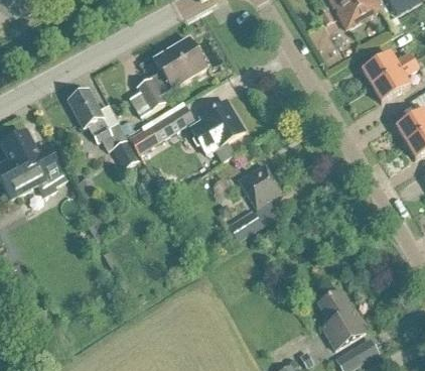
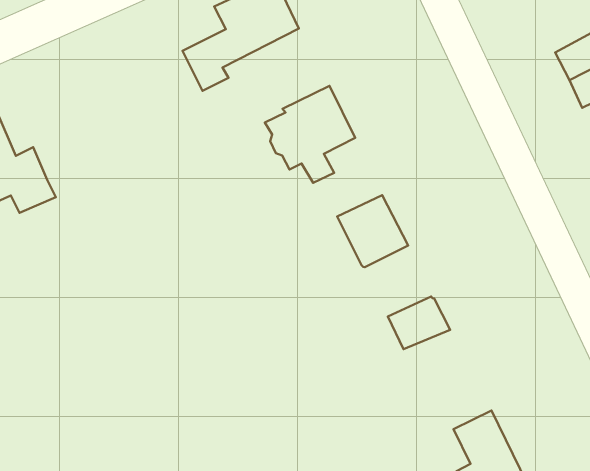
building: [68,88,137,166] -> none
building: [131,104,194,150] -> none
building: [230,206,268,239] -> [388,297,450,349]

